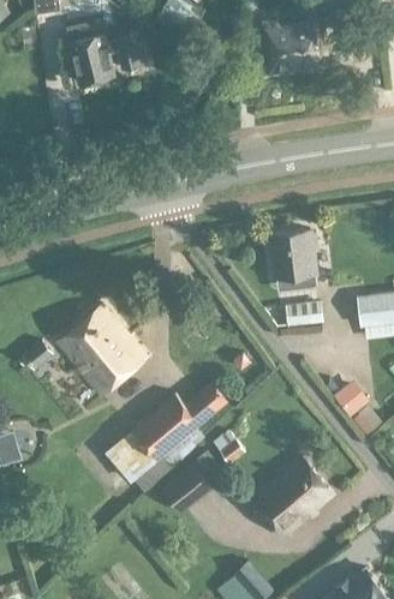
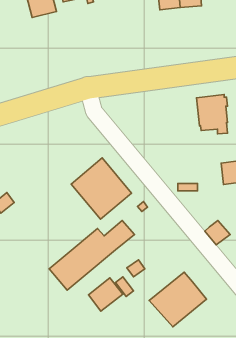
building: [270,232,316,289] -> [196,95,227,134]
building: [285,301,322,327] -> none
building: [58,306,147,396] -> [71,158,132,219]

